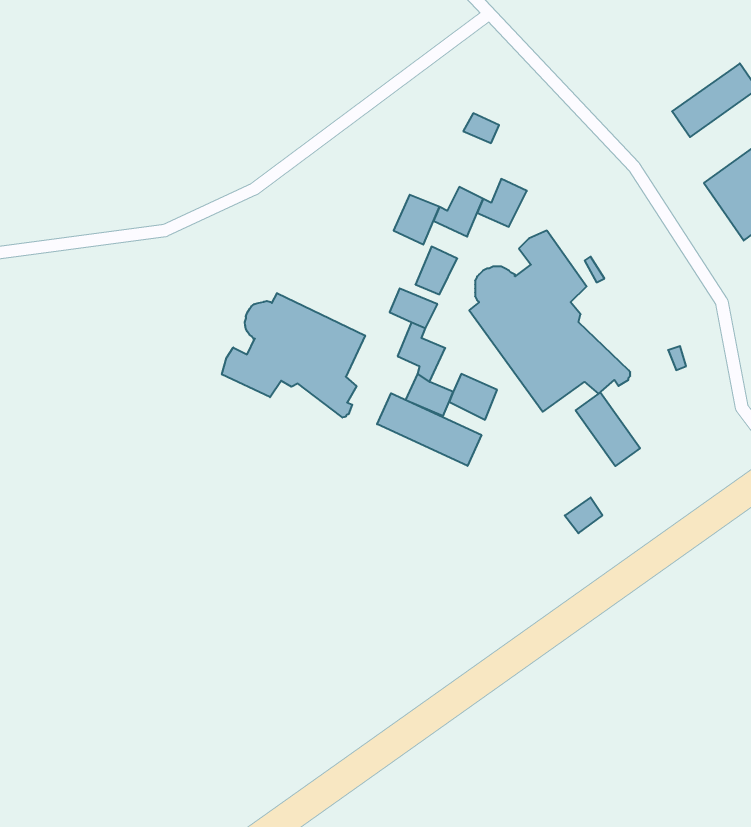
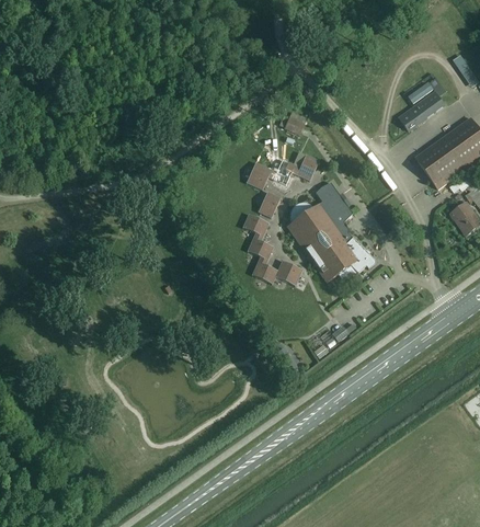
building: [222,293,365,418] -> none
building: [576,393,640,466] -> none
building: [377,393,481,466] -> none

